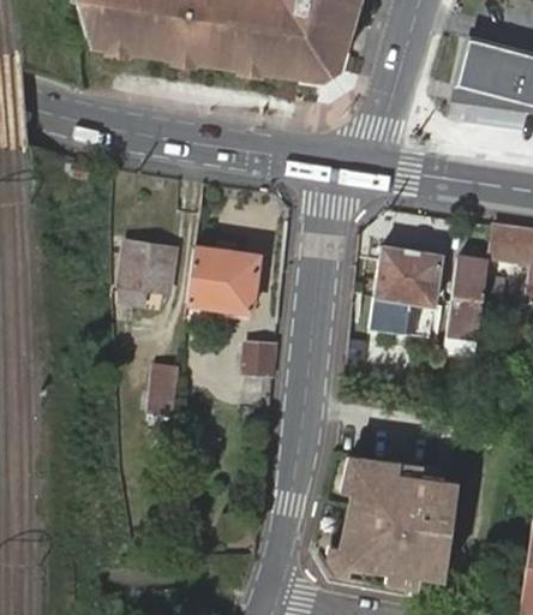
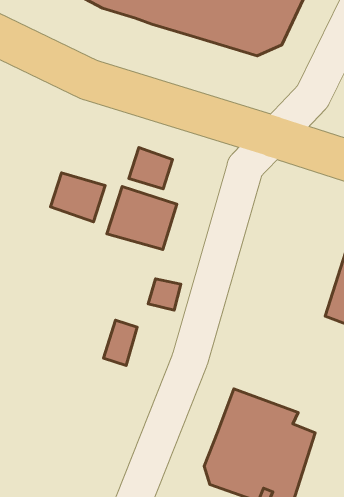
building: none -> [129,147,173,189]
building: [371,247,443,340] -> none
building: [148,365,179,413] -> [104,320,137,365]

